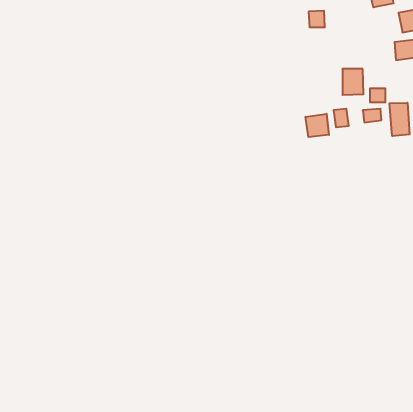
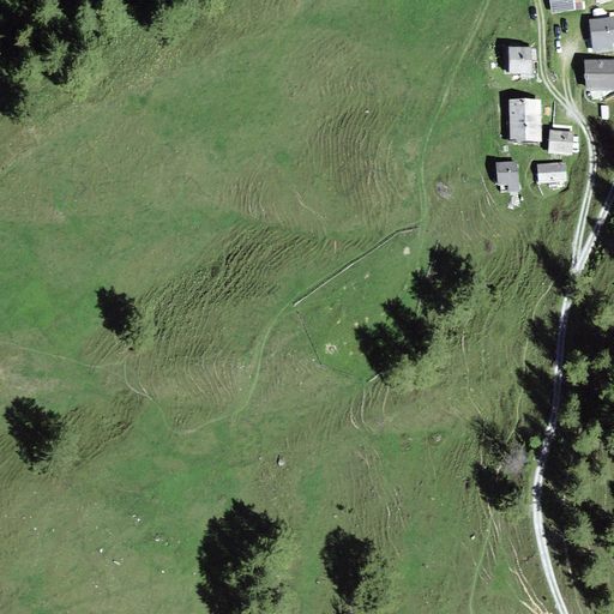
building: [309,11,325,27] -> [506,49,530,73]
building: [389,103,410,136] -> none
building: [306,114,329,137] -> none

